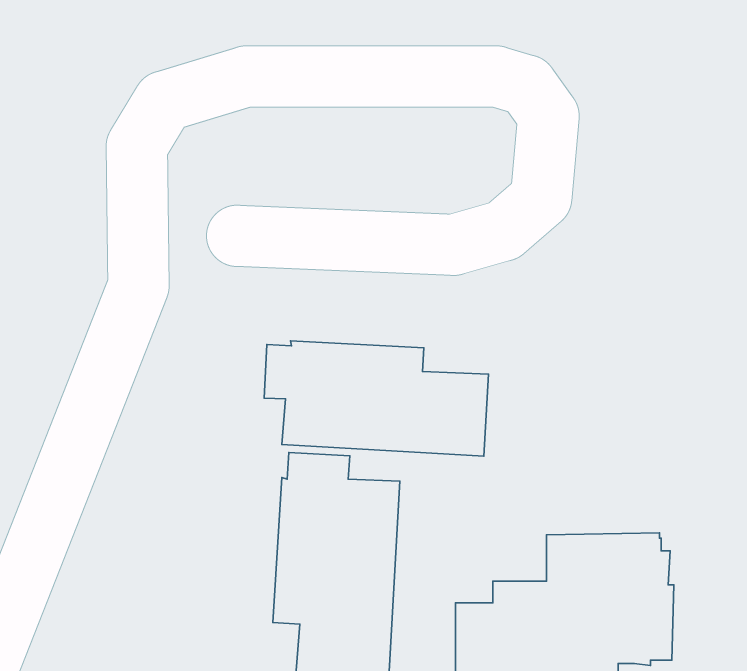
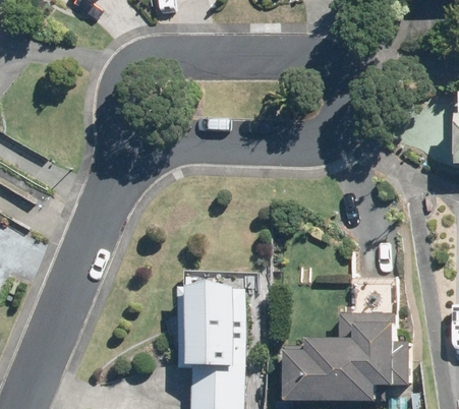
building: [264,341,488,456] -> none

